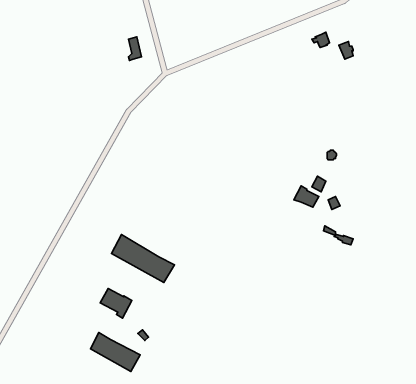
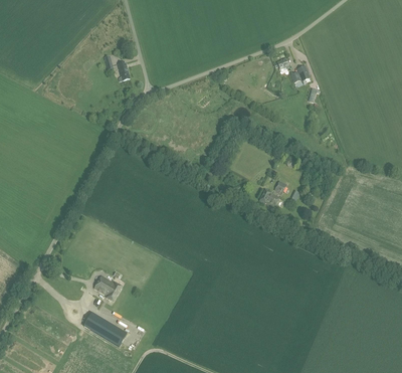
building: [112,235,175,283] -> none

